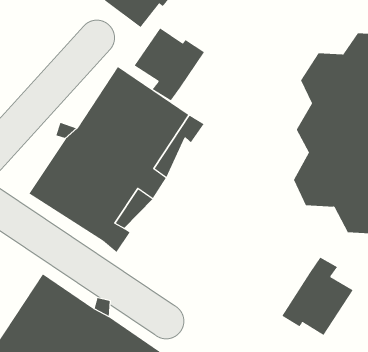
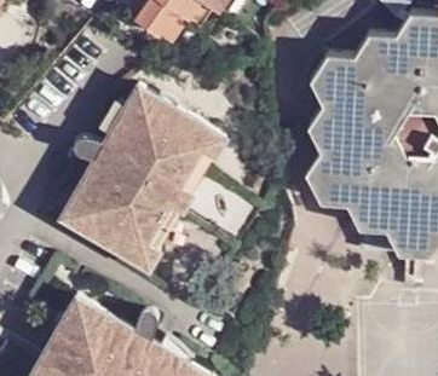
building: [134,28,205,101] -> none
building: [281,257,353,336] -> none

